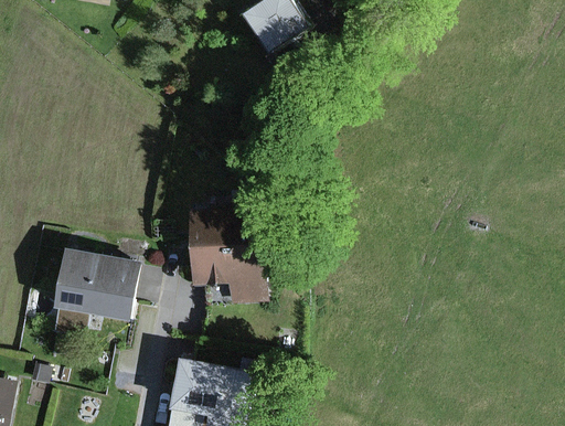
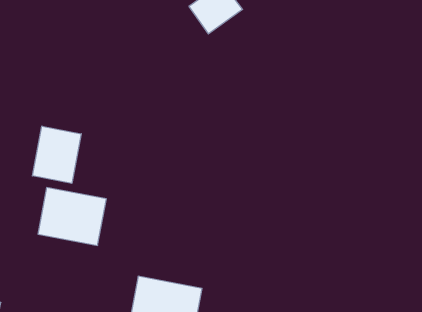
building: none -> [32,126,81,183]
building: [184,220,257,290] -> none

